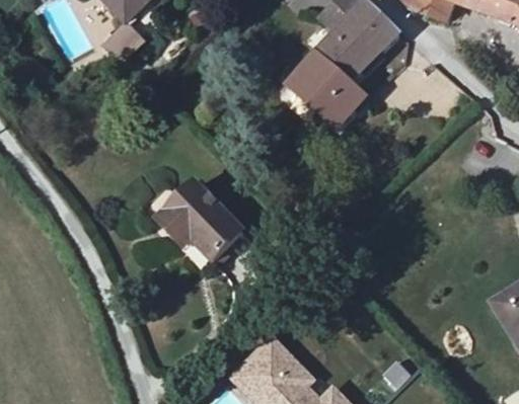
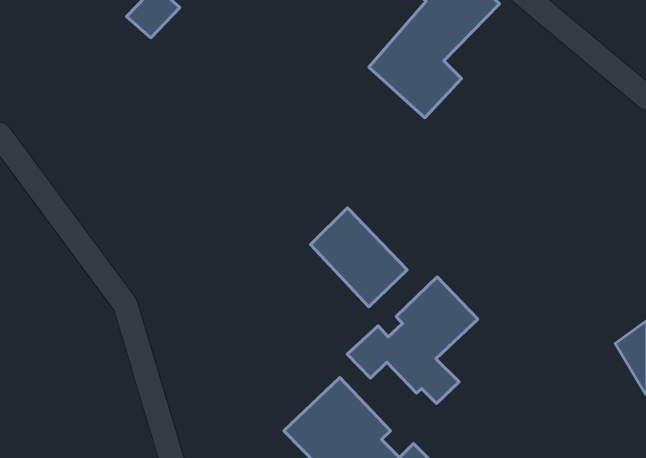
building: [158,181,235,260] -> [311,208,407,307]
building: none -> [347,277,478,404]

